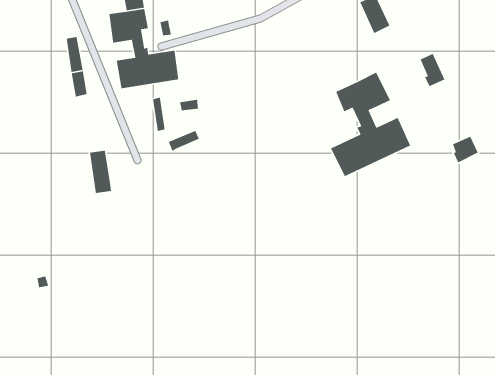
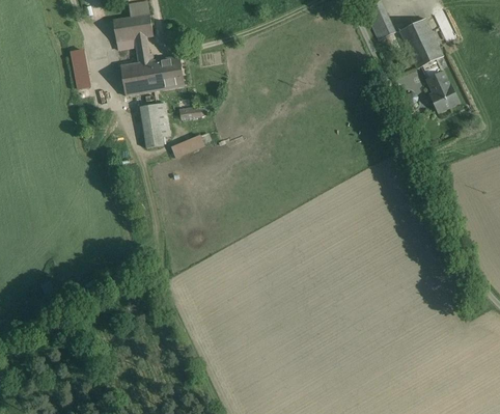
building: none -> [399,18,443,67]
building: [330,71,411,177] -> none
building: [452,135,479,163] -> [432,84,459,112]
building: [89,150,112,194] -> [140,104,163,147]

